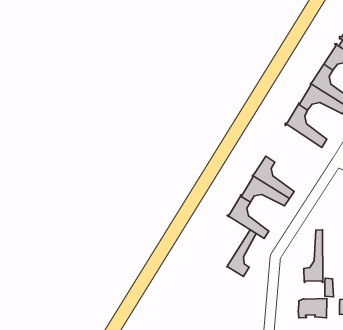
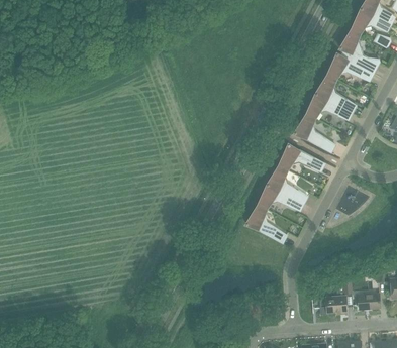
building: none -> [278,143,324,170]
building: [304,230,323,282] -> none
building: [227,230,256,277] -> none

